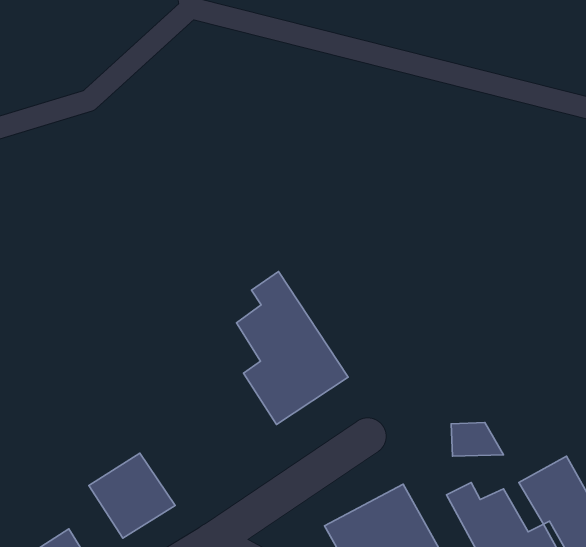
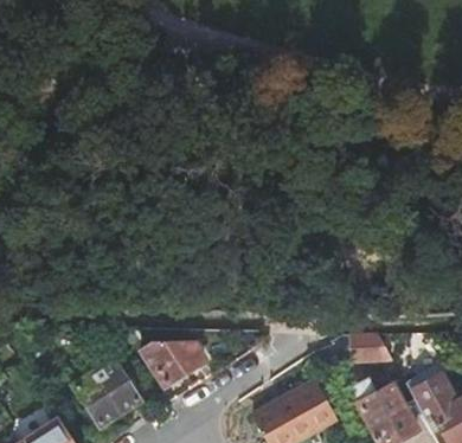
building: [237,271,348,424] -> none
building: none -> [139,340,200,383]

